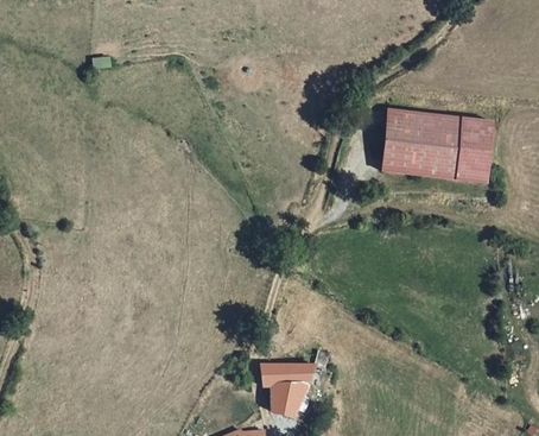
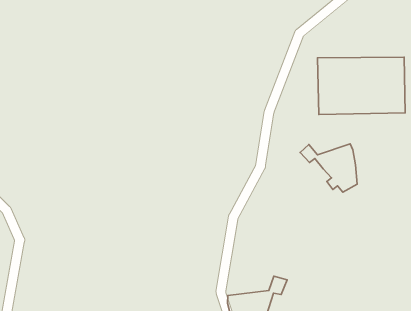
building: none -> [300,144,357,192]

